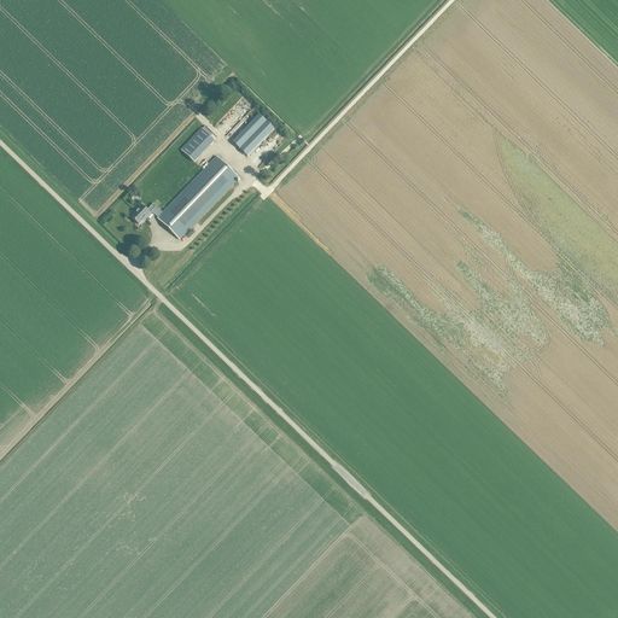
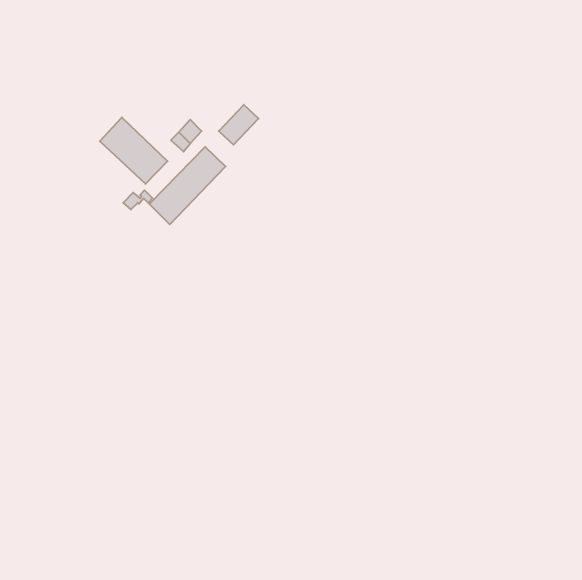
building: none -> [100,117,168,184]

